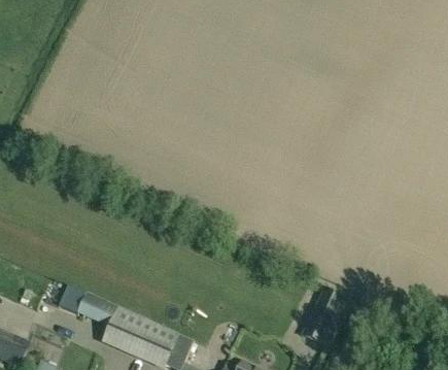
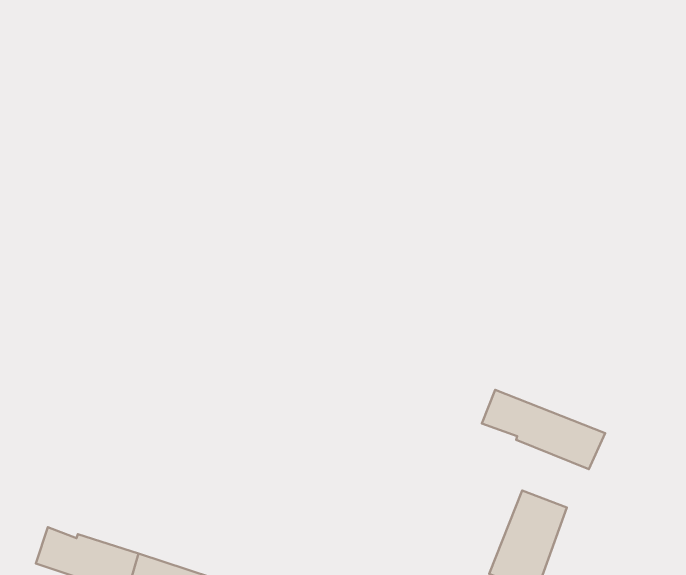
building: none -> [482,390,605,469]

